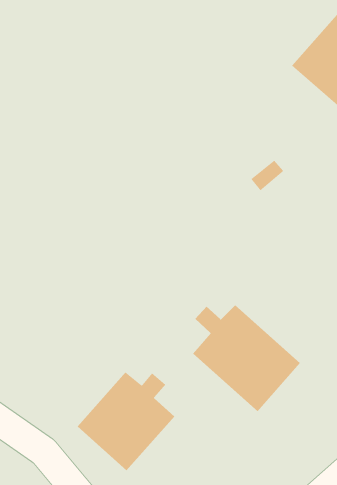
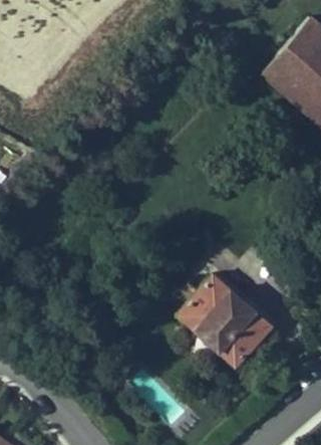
building: [77,372,175,471] -> none

